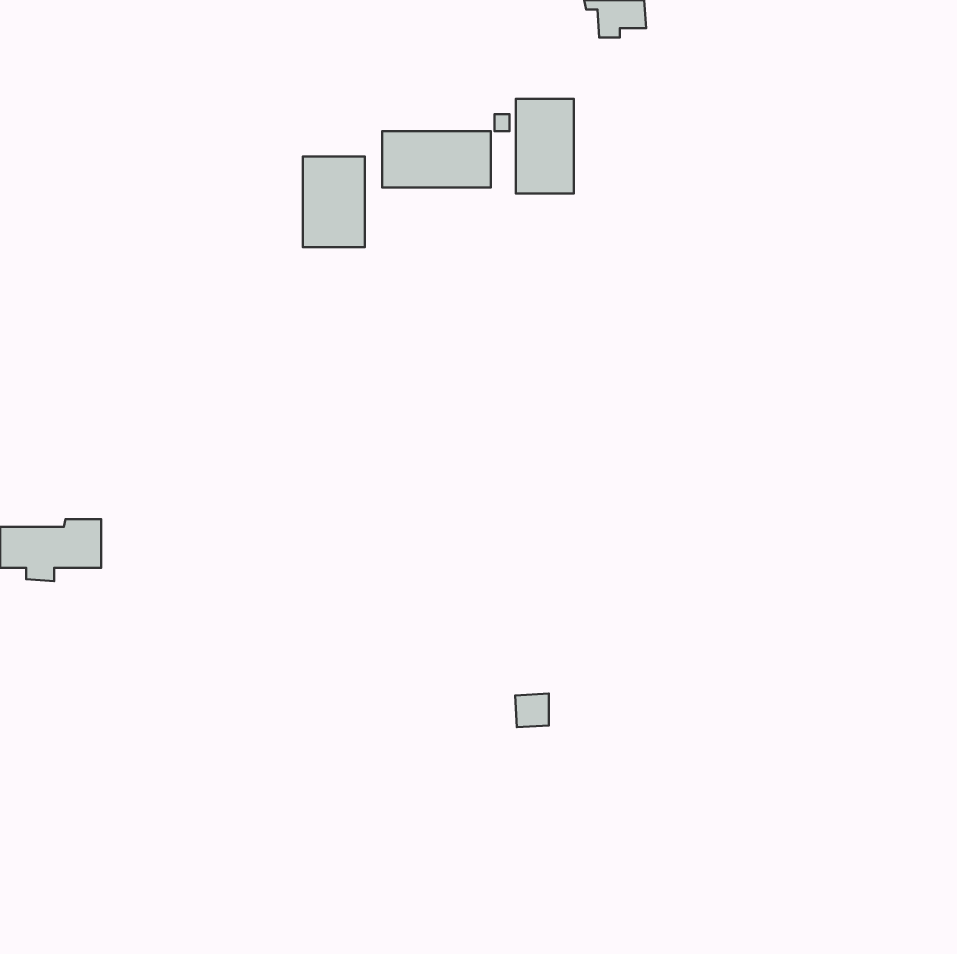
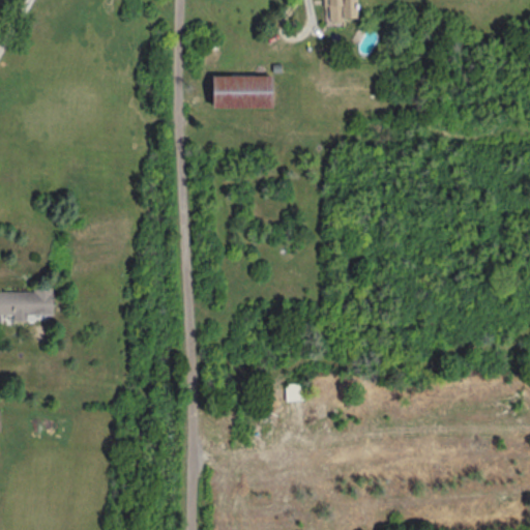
building: [516,99,574,193] -> none
building: [303,156,365,247] -> none

